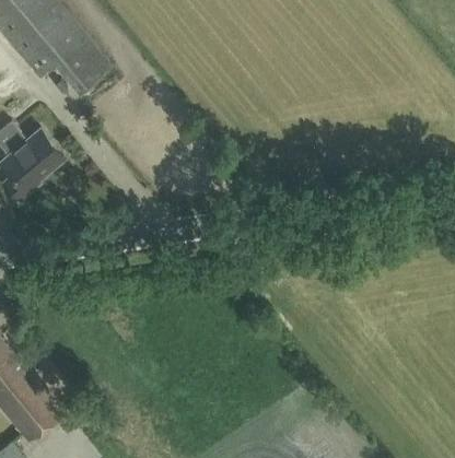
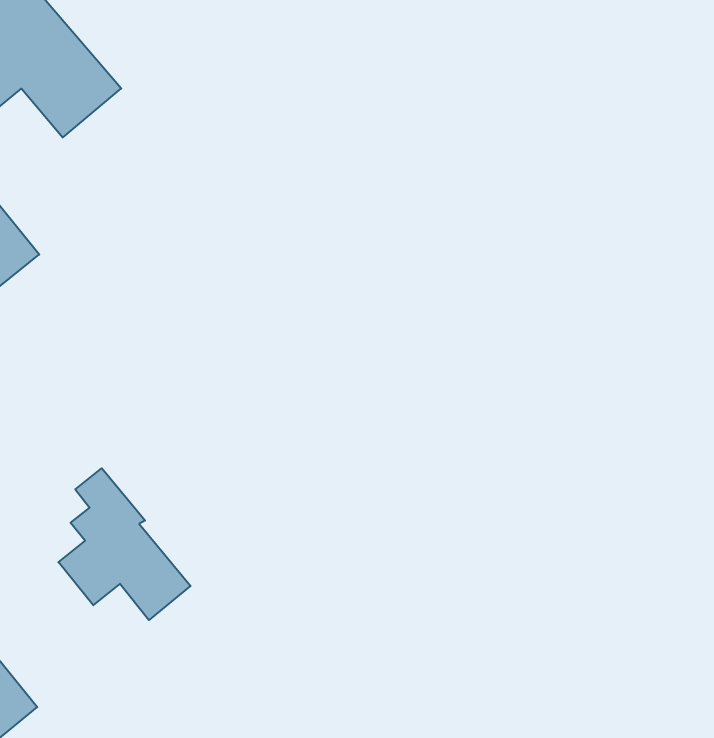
building: none -> [58,468,191,620]

